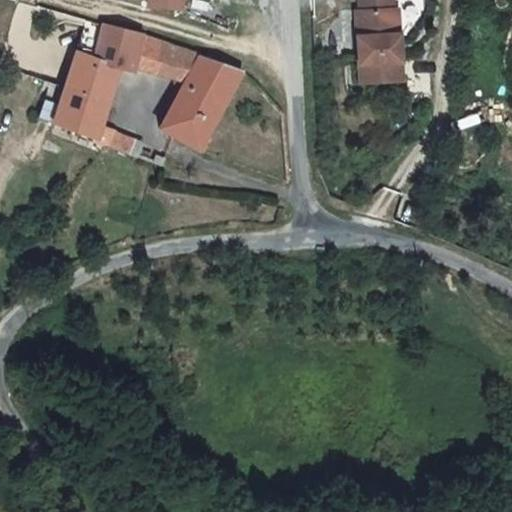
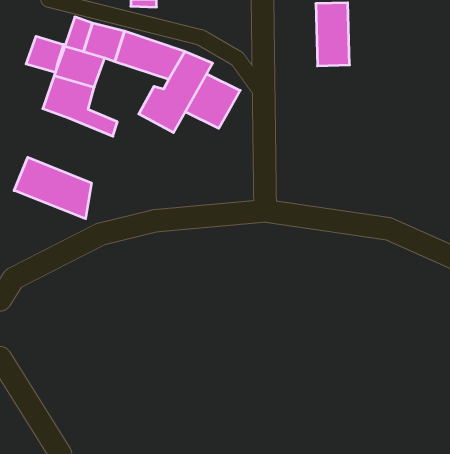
building: none -> [26,36,64,72]
building: none -> [185,74,240,128]
building: none -> [14,157,91,219]

